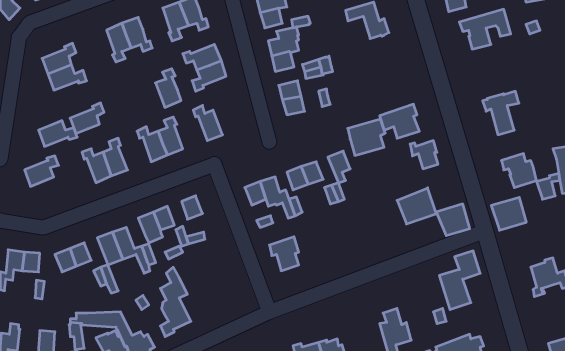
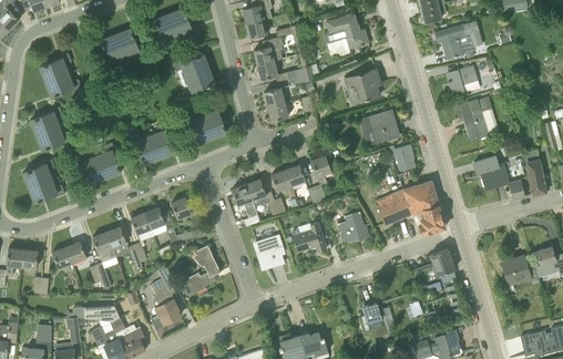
building: none -> [447,65,480,94]
building: [155,69,181,107] -> [202,102,226,139]
building: [70,103,104,133] -> [31,105,63,134]
building: [348,119,385,155] -> [345,69,380,103]
building: none -> [29,178,65,202]
building: [491,197,526,230] -> [405,181,438,212]
building: none -> [341,211,366,243]
building: none -> [291,222,326,252]
building: none -> [182,244,219,296]

